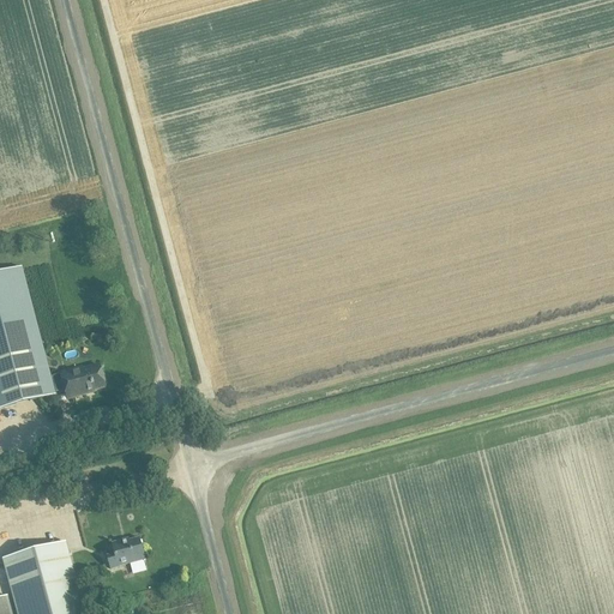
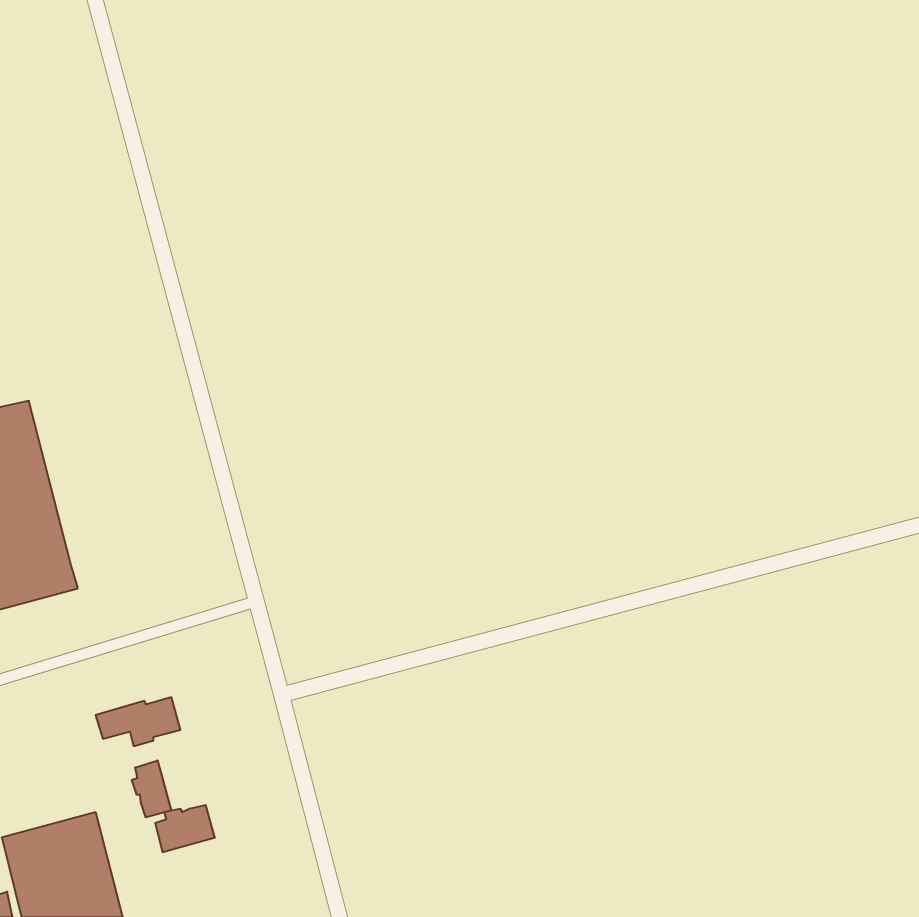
building: [47,362,103,395] -> [96,697,180,746]
building: none -> [132,760,171,817]

